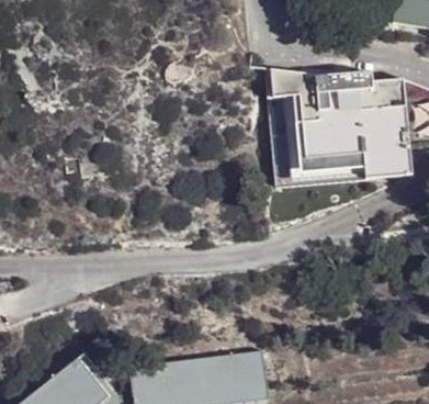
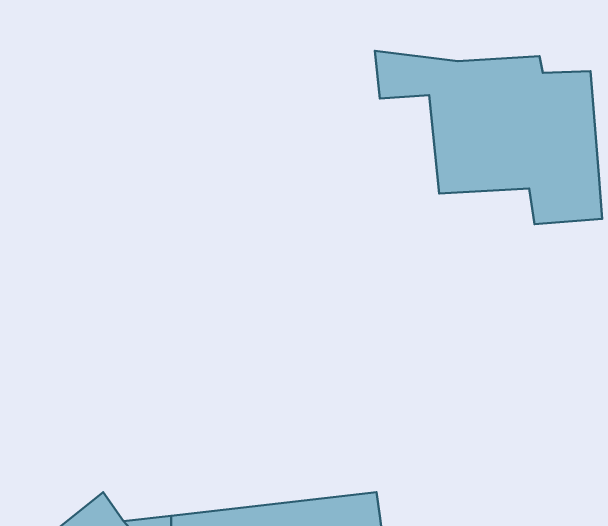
building: [266,93,365,186] -> none

